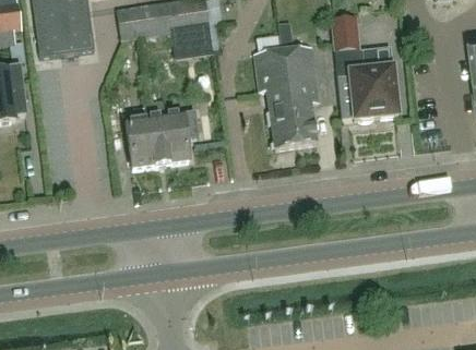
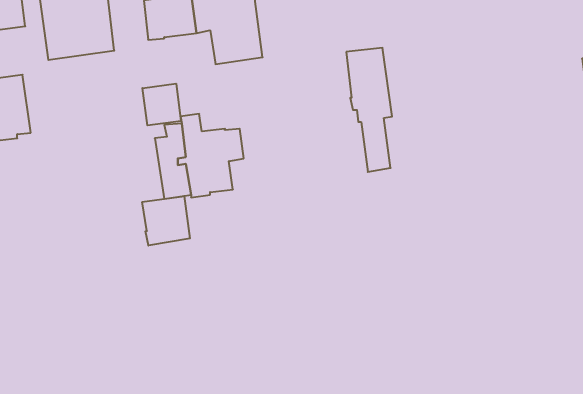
building: [332,16,397,121] -> none
building: [255,49,299,149] -> none
building: none -> [142,84,181,125]
building: none -> [142,196,190,246]

